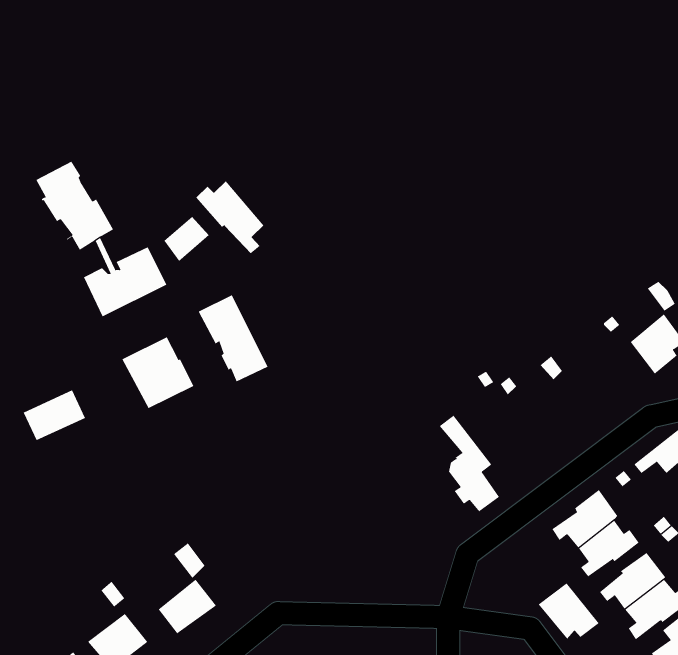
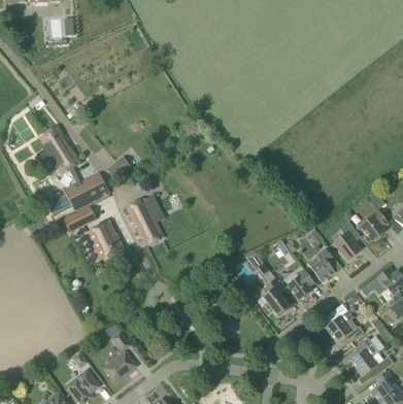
building: [195,181,264,254] -> none
building: none -> [333,222,361,260]
building: none -> [311,247,335,282]
building: [23,389,86,441] -> [63,205,97,233]
building: none -> [288,269,314,299]
building: [538,582,600,639] -> none

